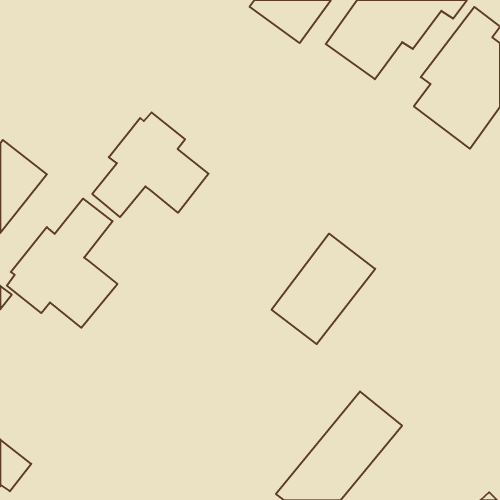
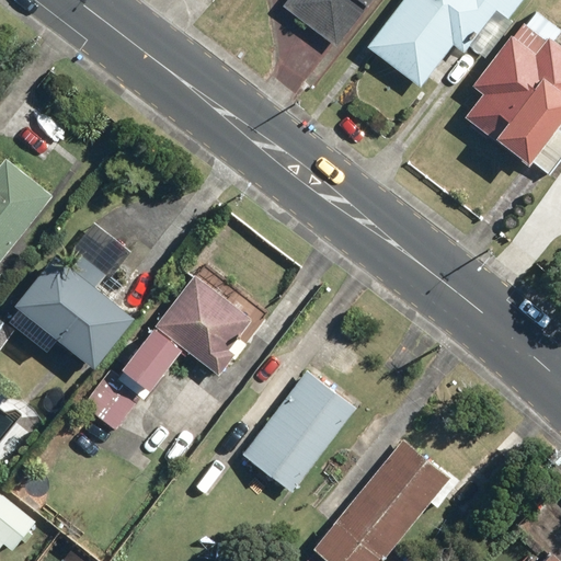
building: [92,112,209,217] -> none
building: [272,234,375,344] -> [241,368,357,492]
building: none -> [81,275,252,433]

